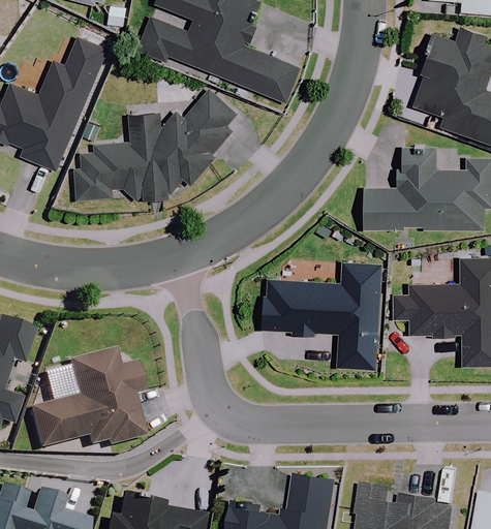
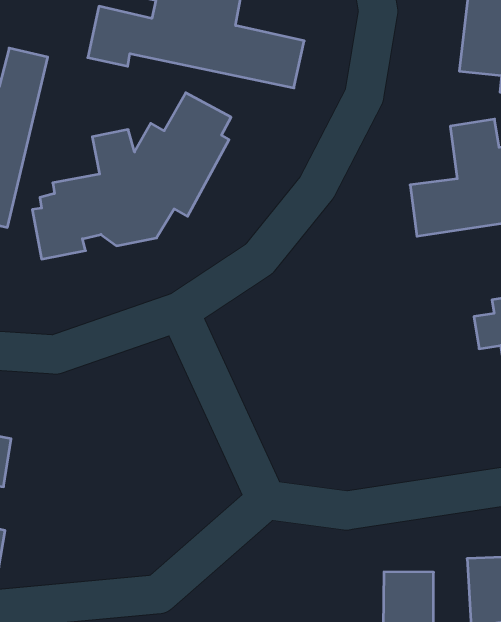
building: [264,262,379,369] -> none
building: [28,349,142,448] -> none

